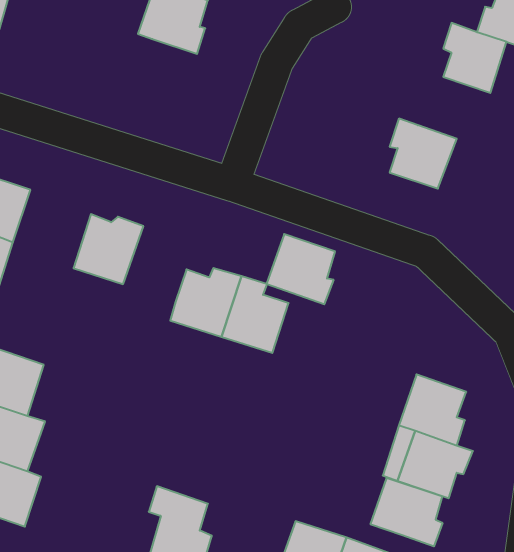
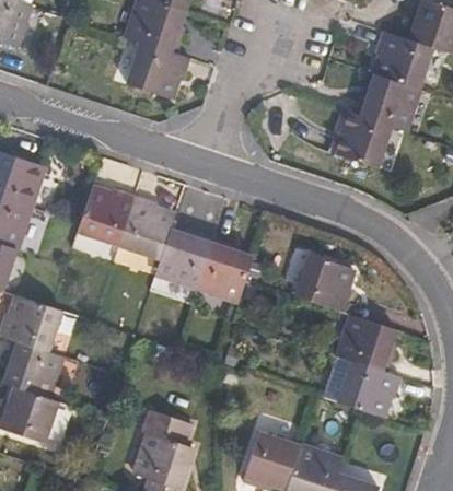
building: none -> [129,45,190,100]
building: none -> [357,75,416,130]
building: none -> [117,197,174,258]
building: [267,234,335,304] -> [298,257,353,314]
building: [371,478,442,546] -> none

